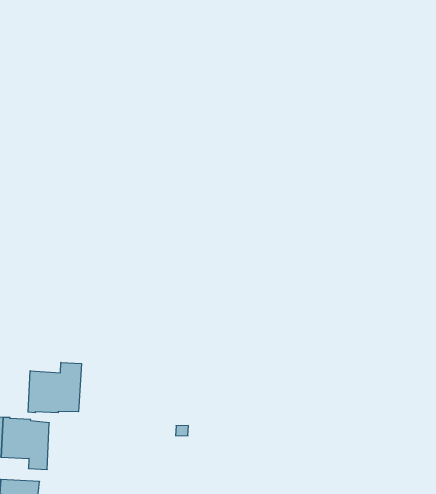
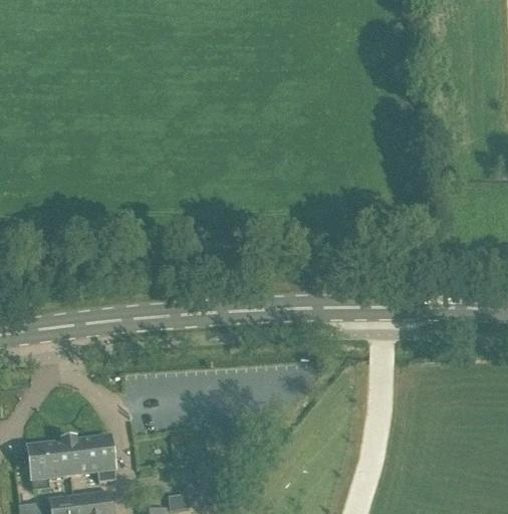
building: [28,362,82,413] -> none

